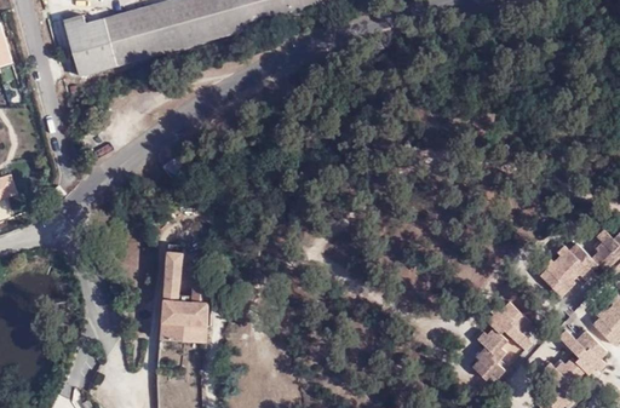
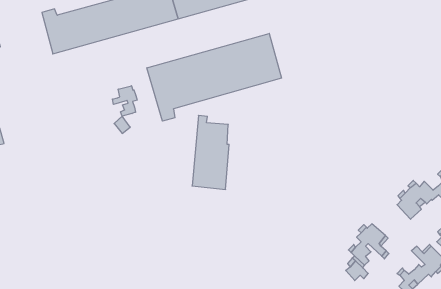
building: none -> [147,33,281,121]
building: none -> [112,86,137,116]
building: [159,243,208,343] -> [192,115,229,189]

